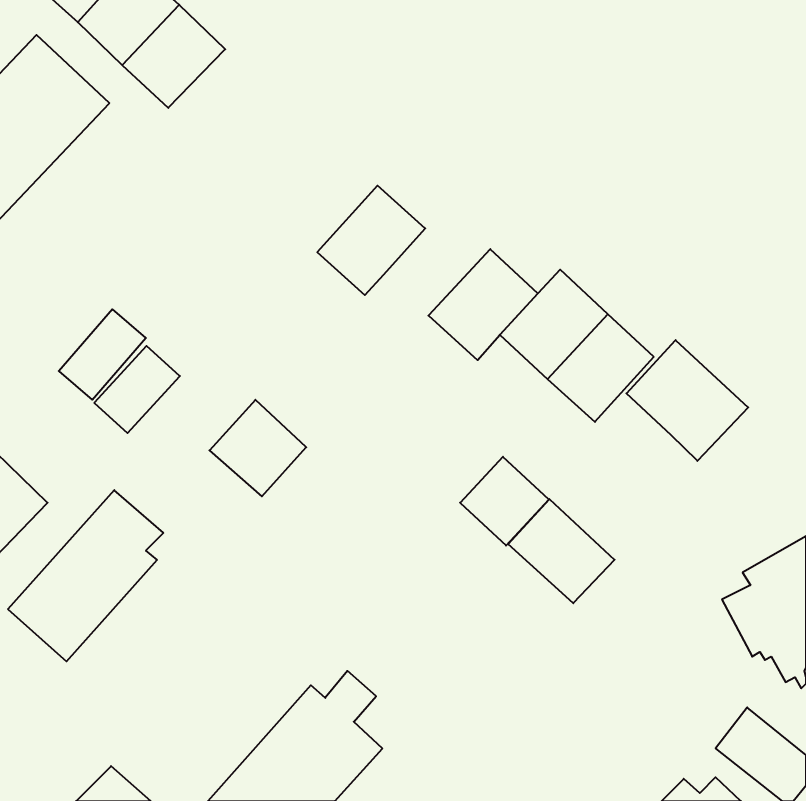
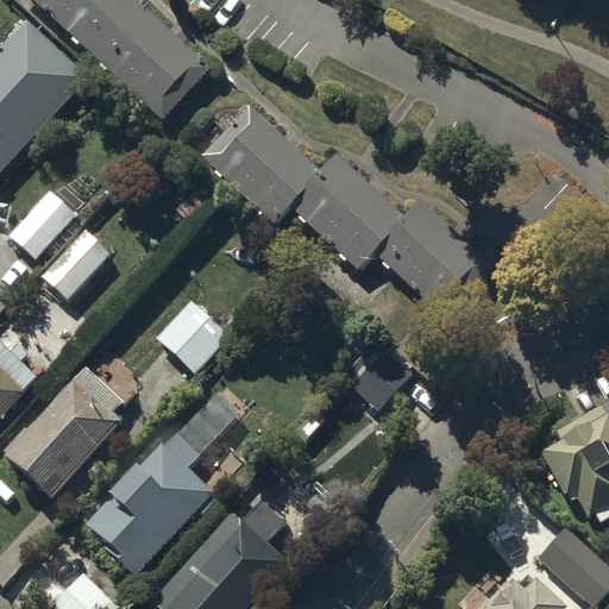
building: none -> [126,37,202,113]
building: none -> [203,107,283,189]
building: none -> [288,156,368,237]
building: [626,340,748,461] -> none
building: [94,346,180,433] -> [11,190,75,256]
building: [508,499,615,603] -> none
building: none -> [89,394,239,575]

